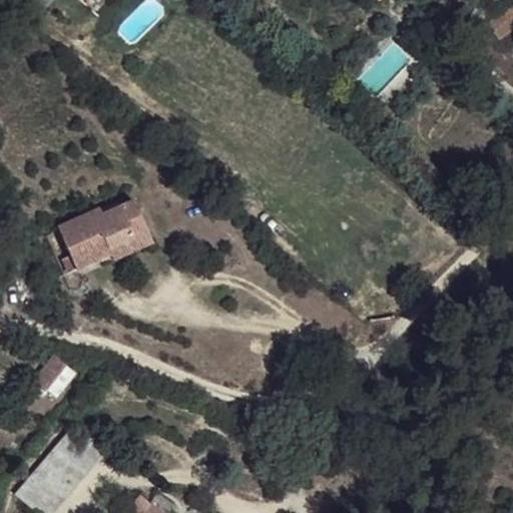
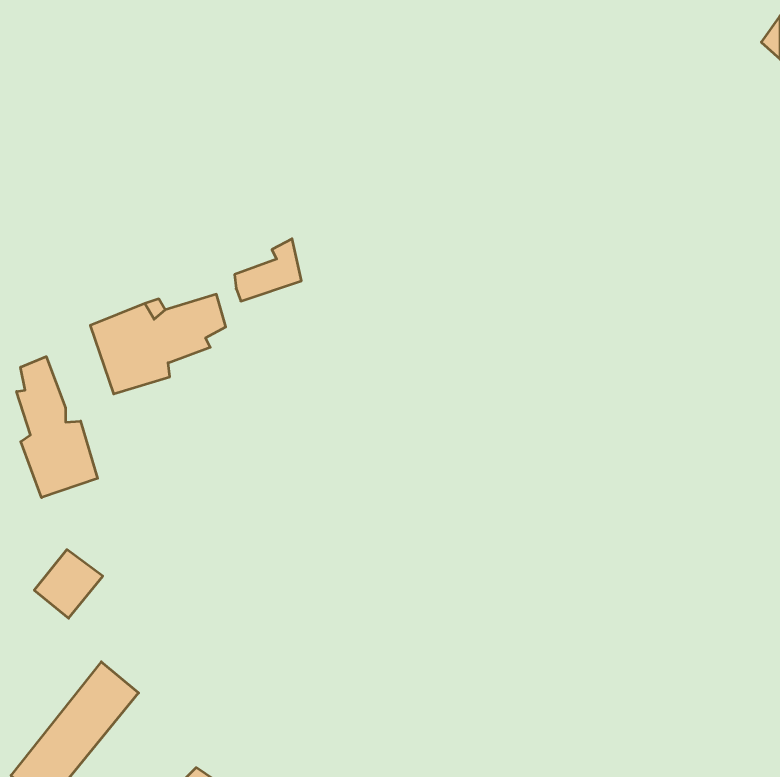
building: [108,222,151,263] -> [235,239,301,301]
building: none -> [17,357,98,498]

